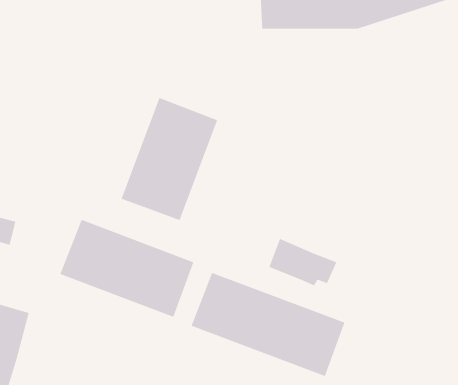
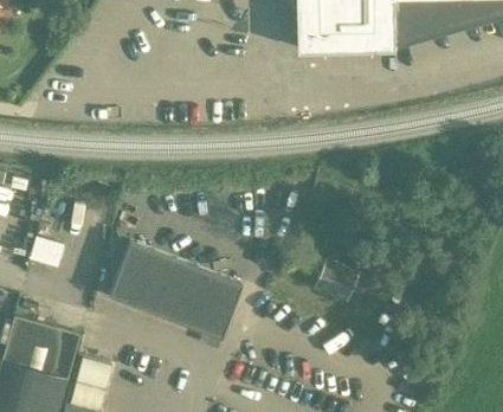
building: [121,97,218,221] -> none
building: [191,272,345,377] -> none

